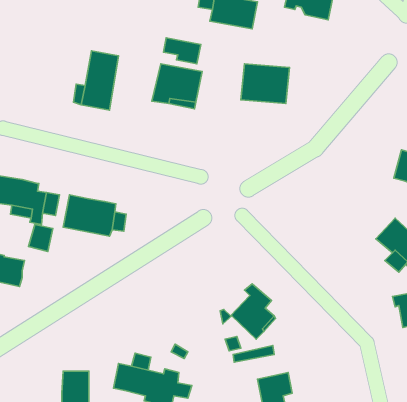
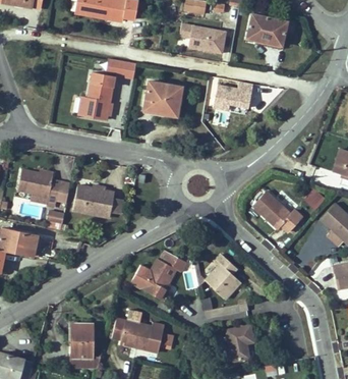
building: [164,38,201,64] -> [108,56,137,76]
building: none -> [252,191,301,232]
building: none -> [130,251,185,300]

